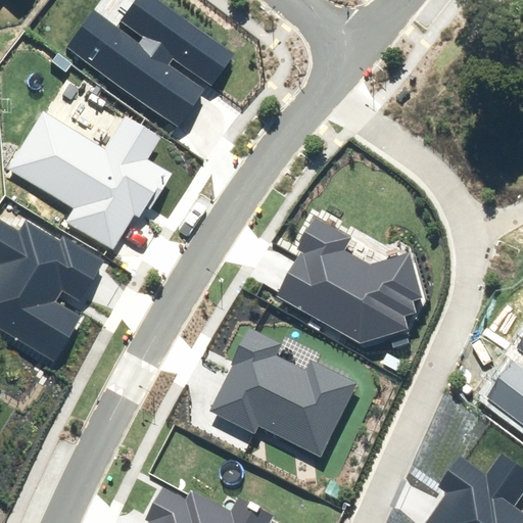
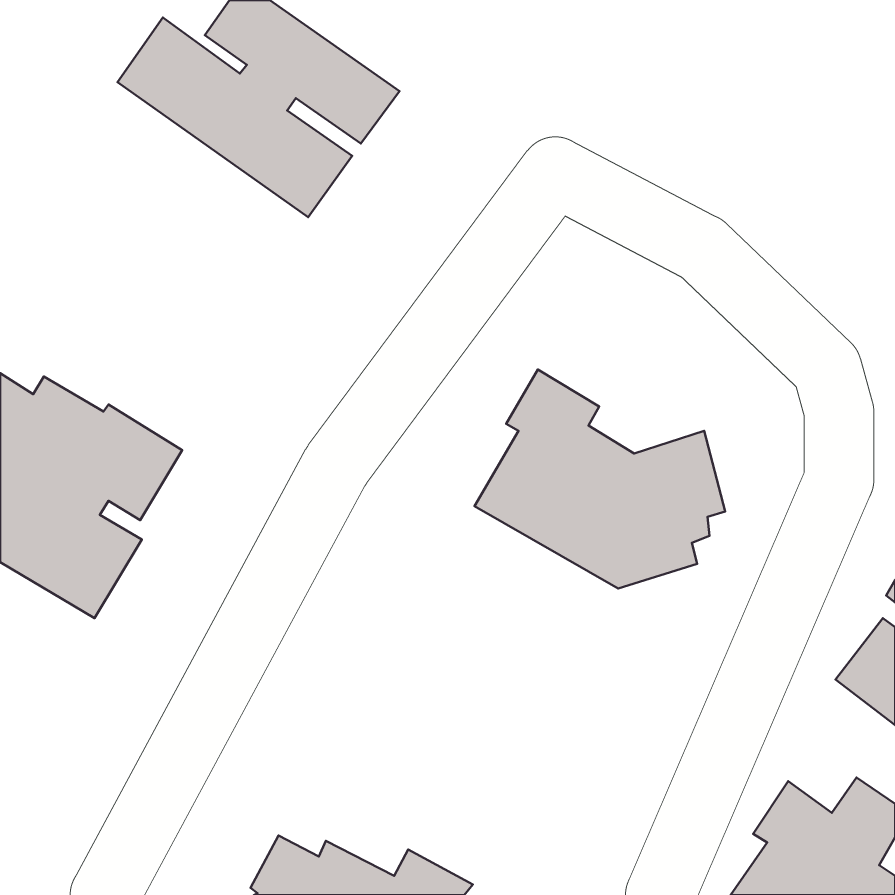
building: [6,112,172,250] -> none
building: [211,327,356,458] -> none

